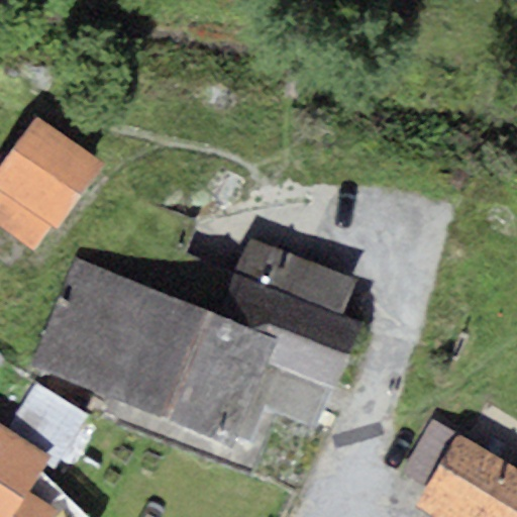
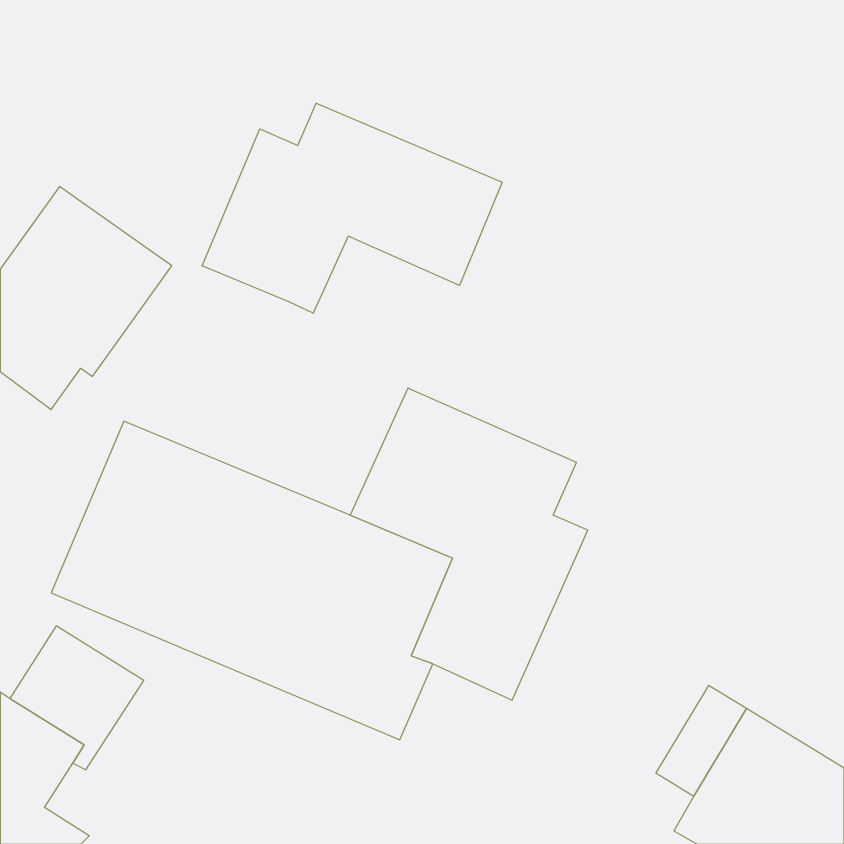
building: none -> [202,103,502,313]

